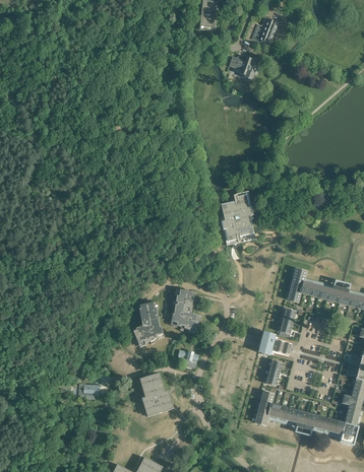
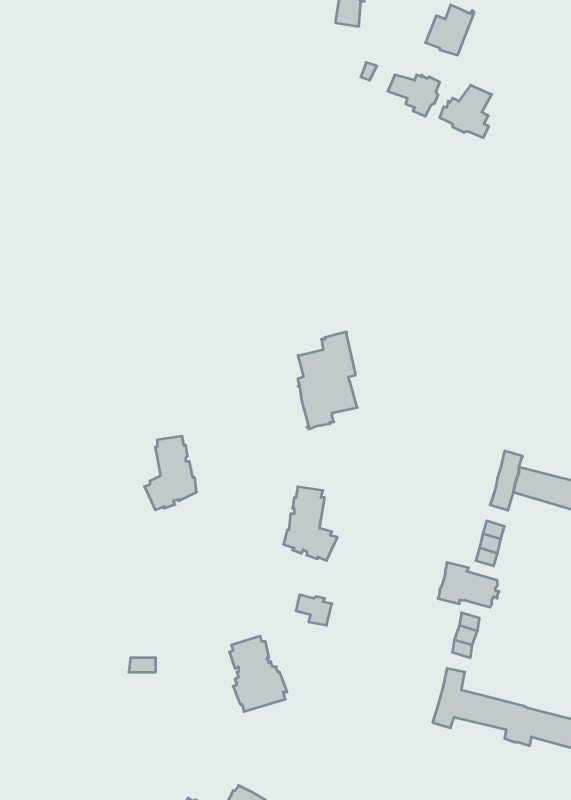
building: none -> [440,85,492,138]
building: [221,190,254,245] -> [298,332,357,429]
building: [133,301,163,343] -> [144,436,197,510]

